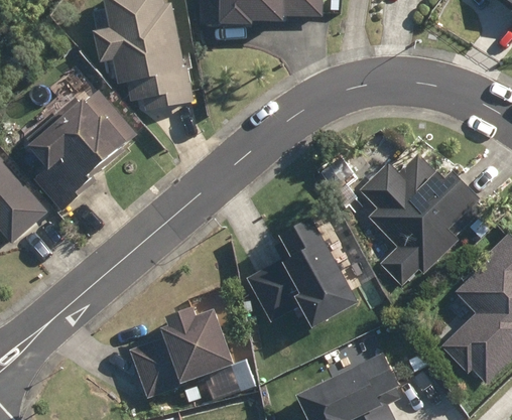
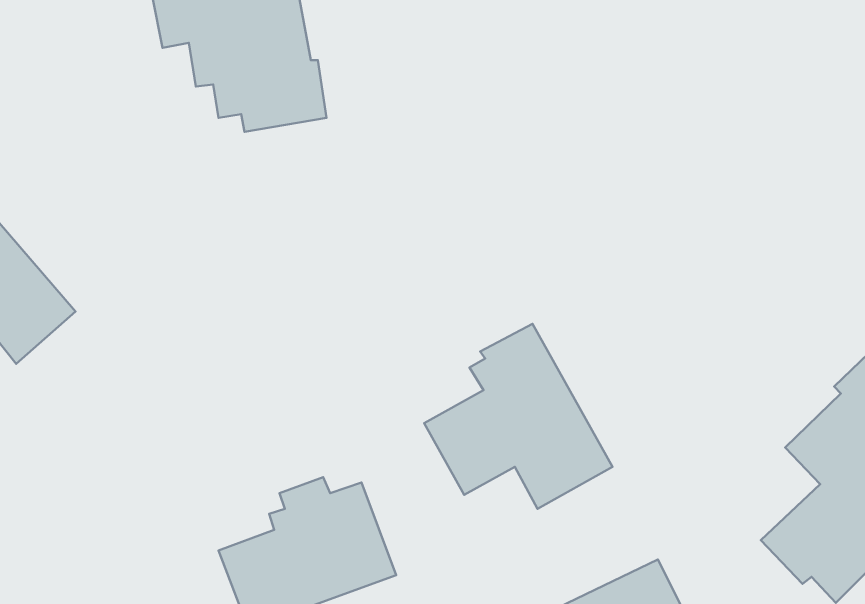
building: [22,90,134,208] -> none
building: [363,152,479,282] -> none

